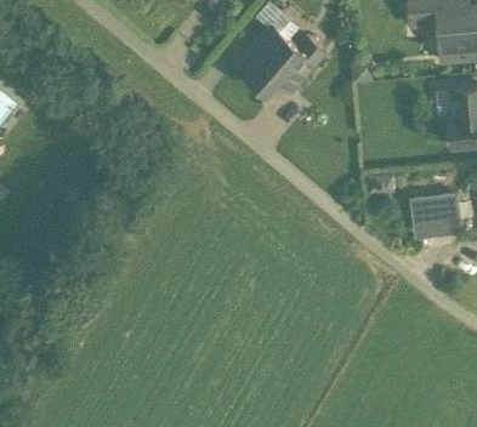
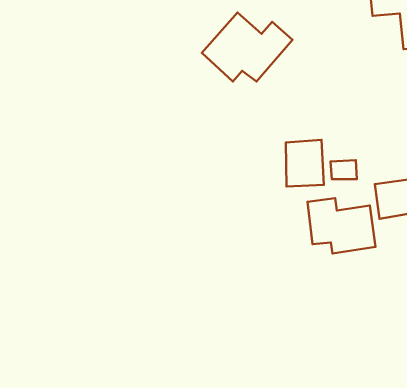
building: none -> [286,140,324,187]
building: none -> [307,198,376,254]

